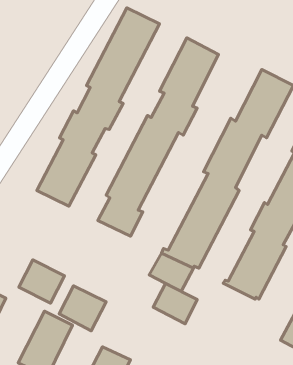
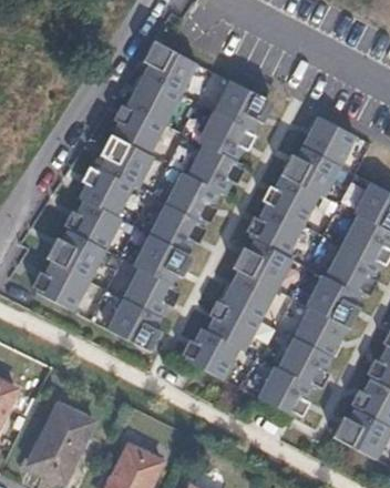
building: [19,260,65,303] -> [34,260,89,311]
building: [153,284,197,324] -> [257,369,309,417]
building: [59,286,106,331] -> [106,295,162,348]

